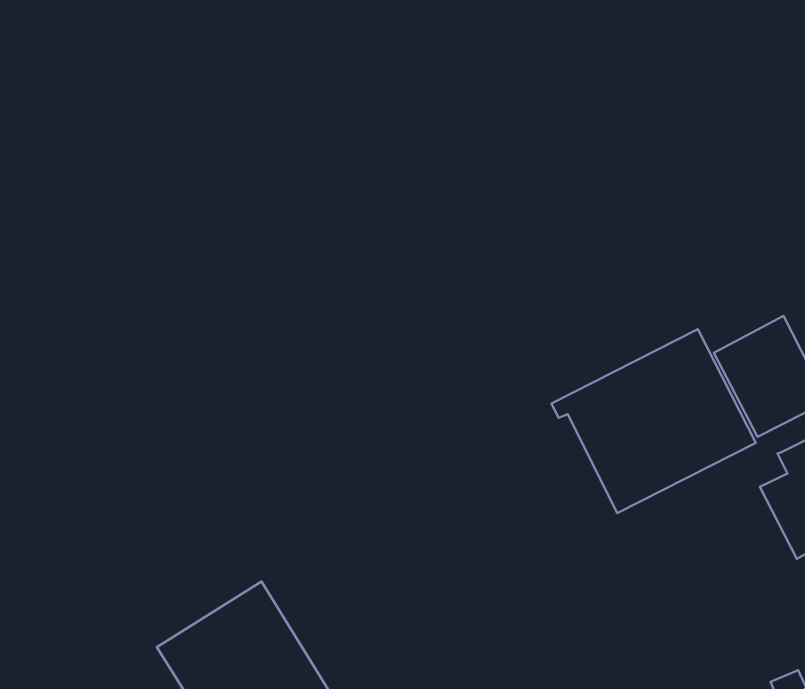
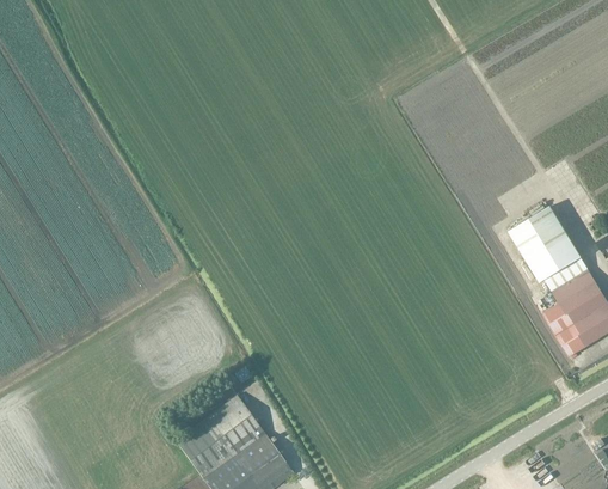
building: [552,329,756,513] -> none

